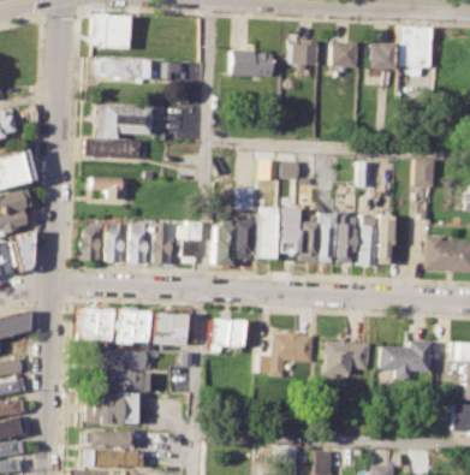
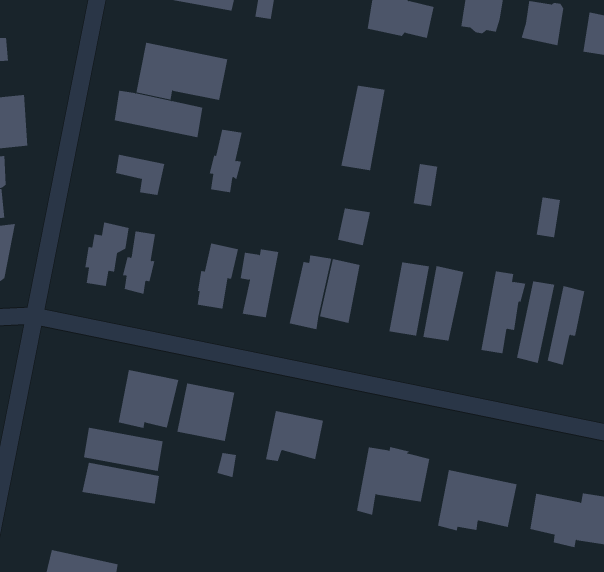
building: [254,208,274,260] -> [340,85,386,171]
building: [315,214,334,262] -> none
building: [130,224,149,262] -> [209,129,242,193]
building: [81,309,114,343] -> none
building: [90,393,136,424] -> none

